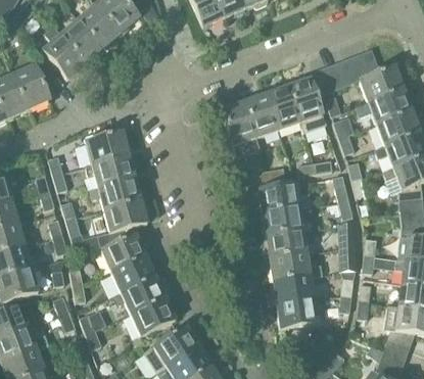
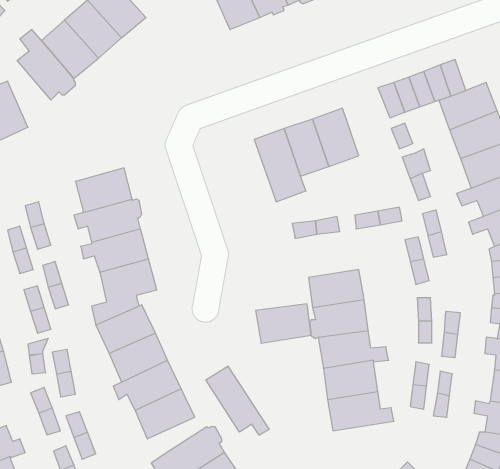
building: [287,77,326,131] -> none
building: [257,183,299,212] -> [256,304,311,343]
building: none -> [206,366,269,435]

